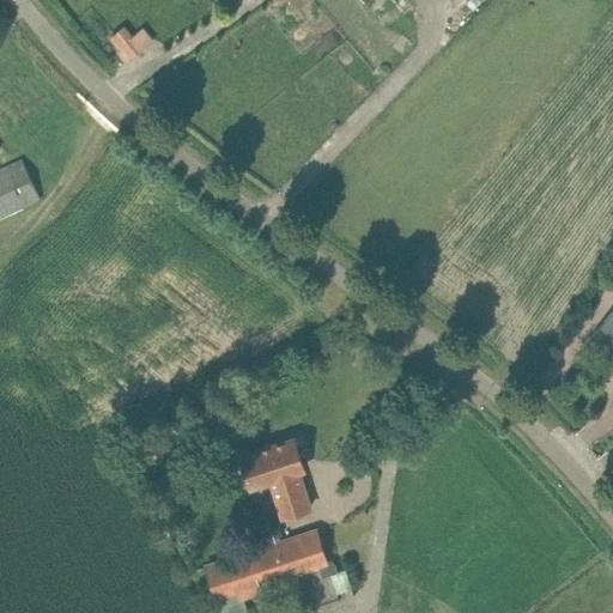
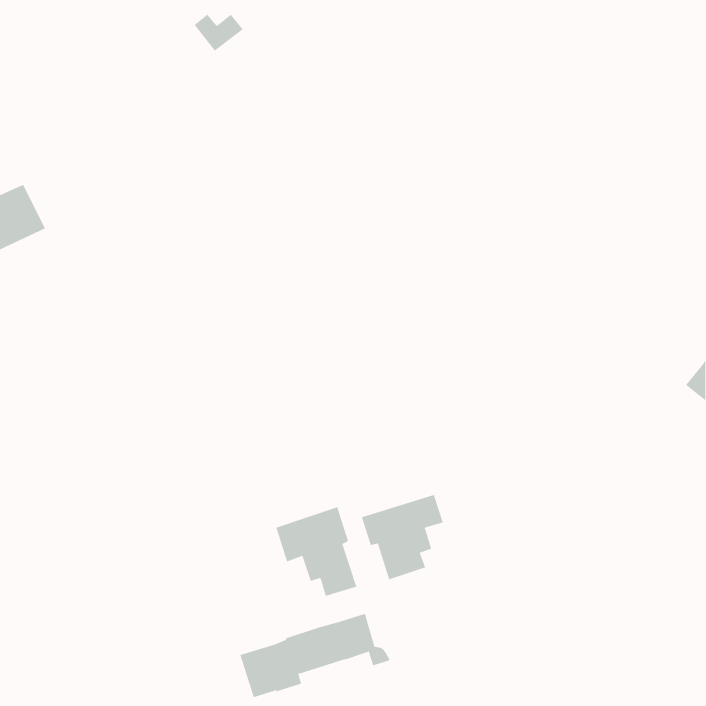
building: [109,29,152,61] -> [194,14,244,51]
building: none -> [361,494,444,580]

